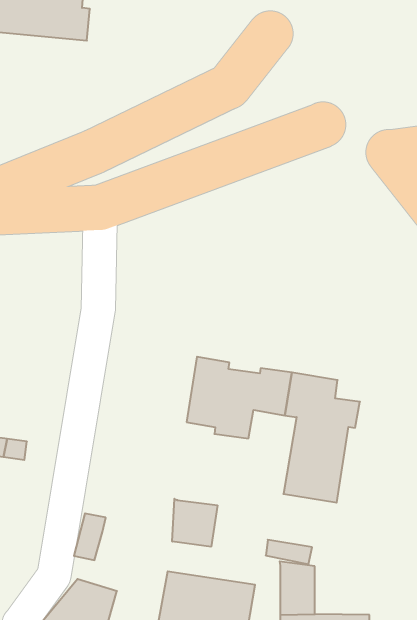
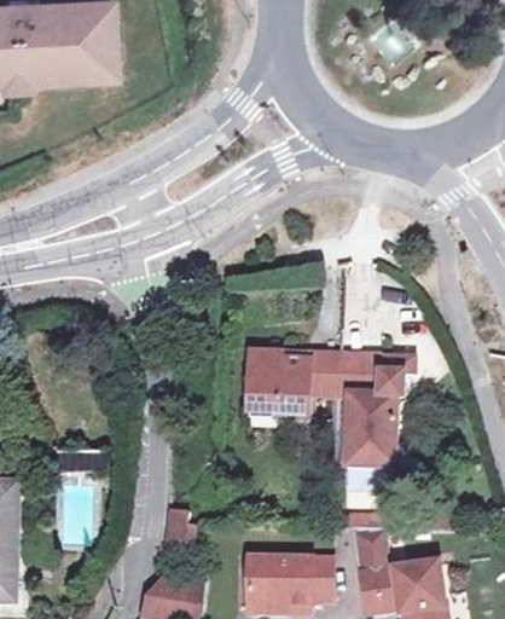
building: [172,499,217,547] -> none

